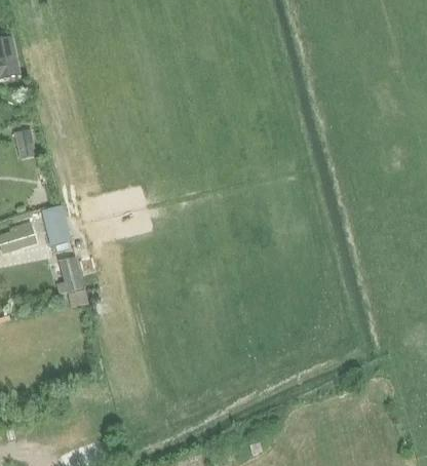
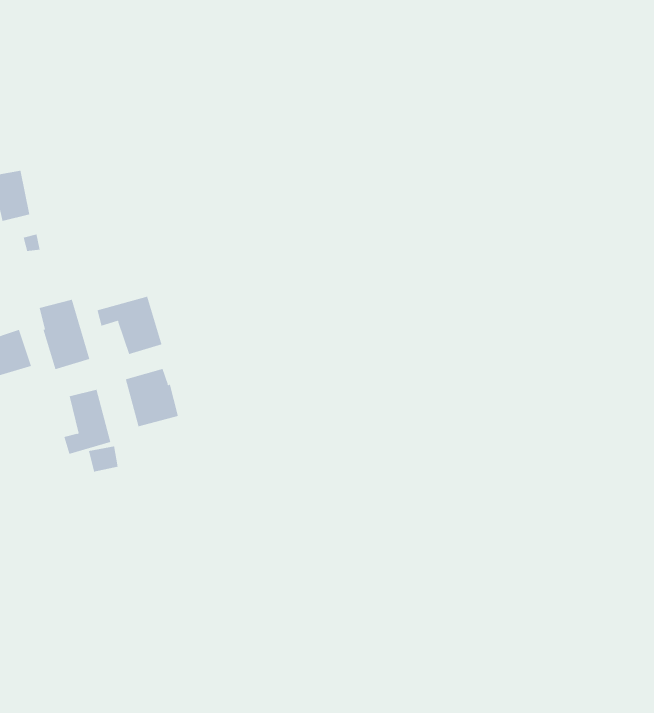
building: none -> [97,296,162,355]
building: none -> [125,368,178,427]

